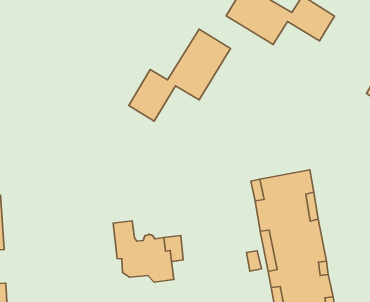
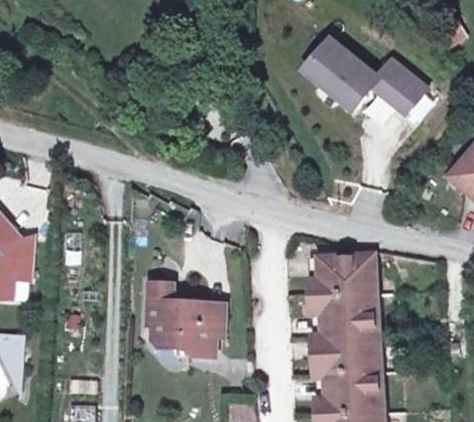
building: [129,29,231,121] -> none

